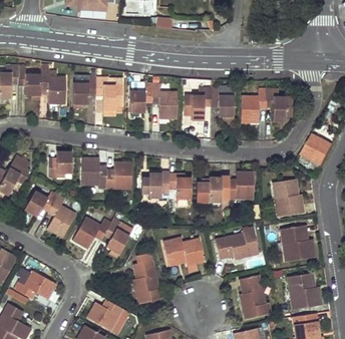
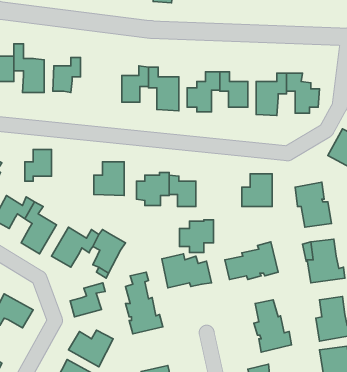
building: [95,76,121,112] -> none
building: [81,157,106,189] -> none
building: [201,176,229,203] -> [180,220,214,253]
building: none -> [70,283,105,317]

